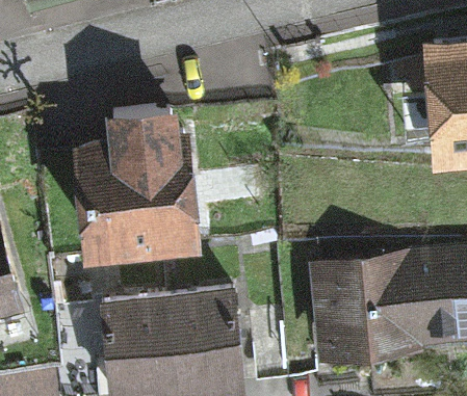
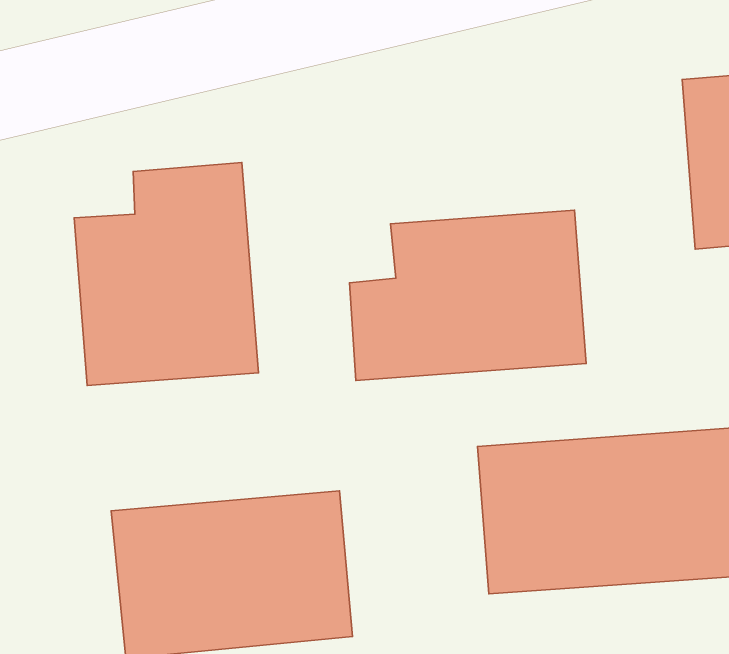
building: none -> [349,210,586,380]

